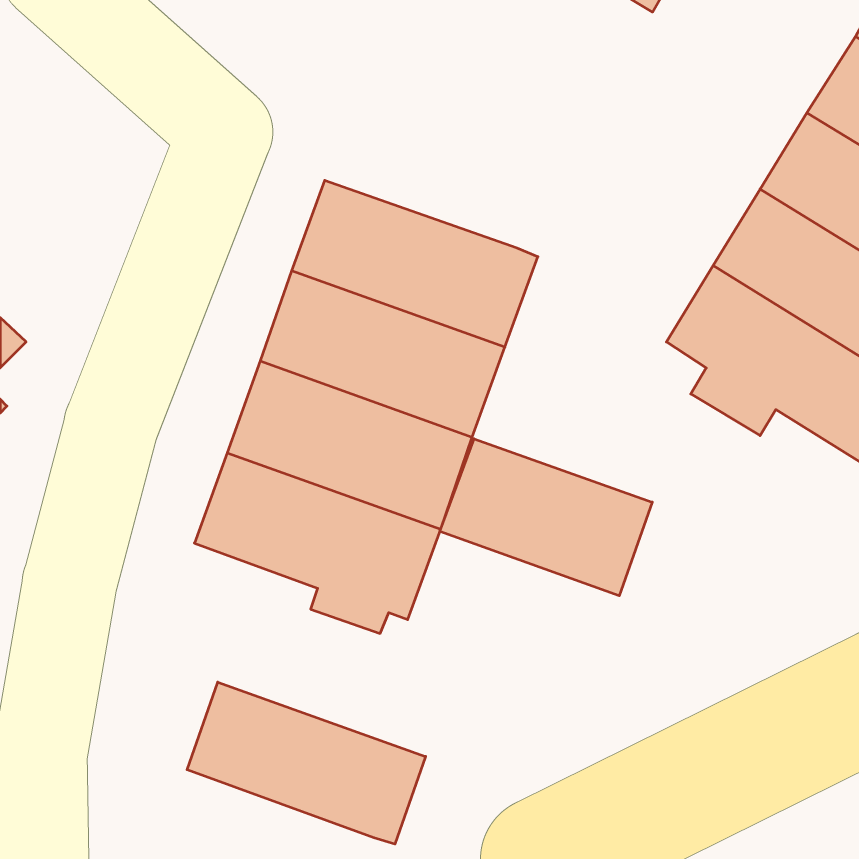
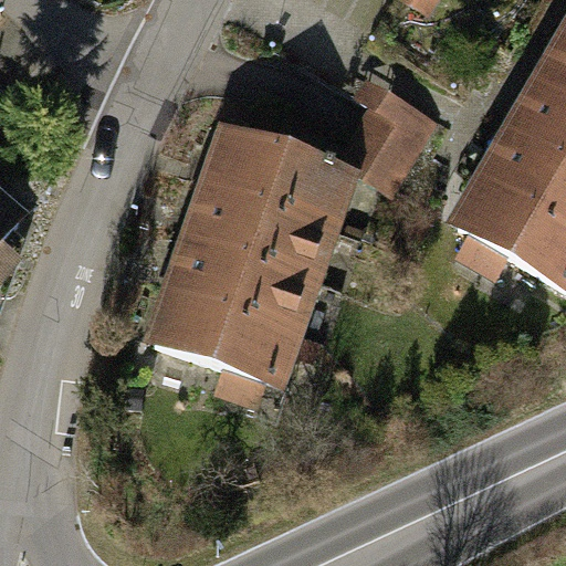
building: none -> [347,74,446,190]
building: [440,439,652,596] -> none
building: [187,682,426,844] -> none

